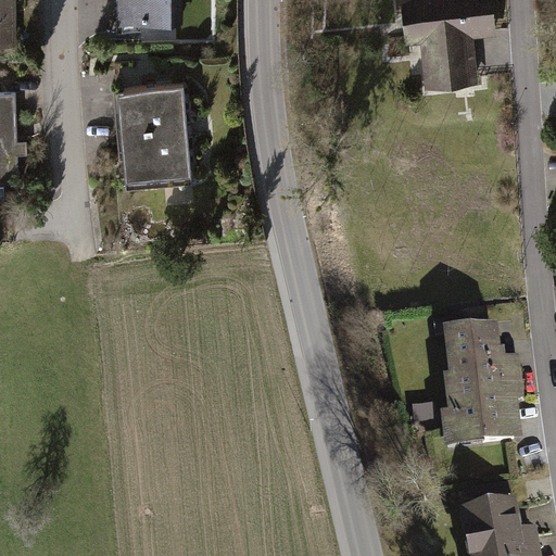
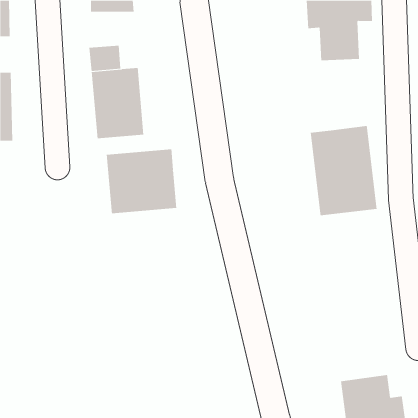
building: none -> [310,125,377,216]
building: none -> [106,148,177,214]
building: [432,318,523,443] -> none

